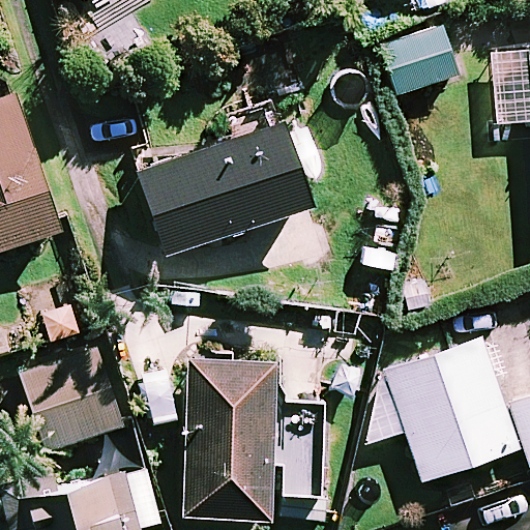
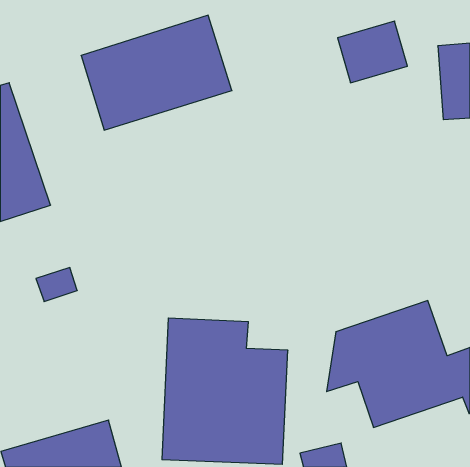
building: [140,124,310,254] -> [81,15,232,130]
building: [18,345,123,447] -> none

